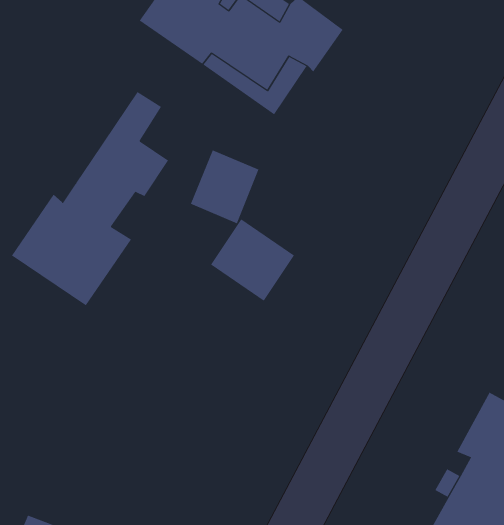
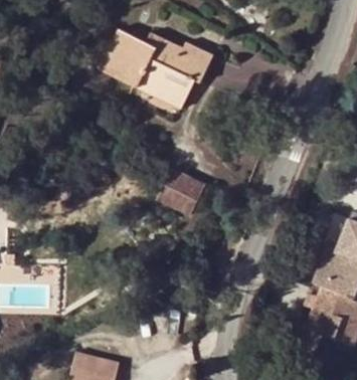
building: [11,91,169,306] -> none
building: [190,149,259,224] -> none

